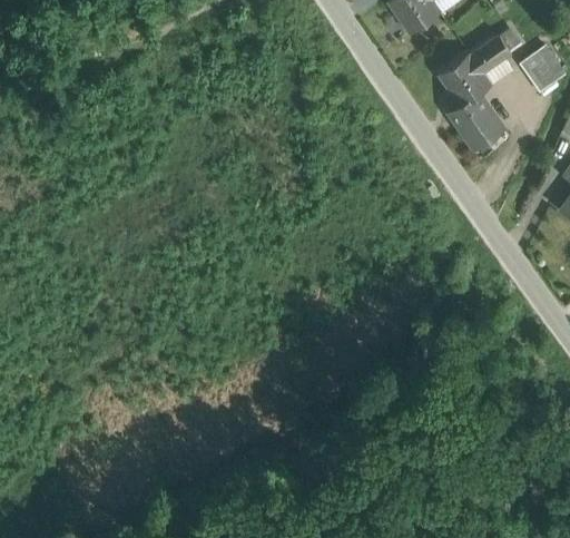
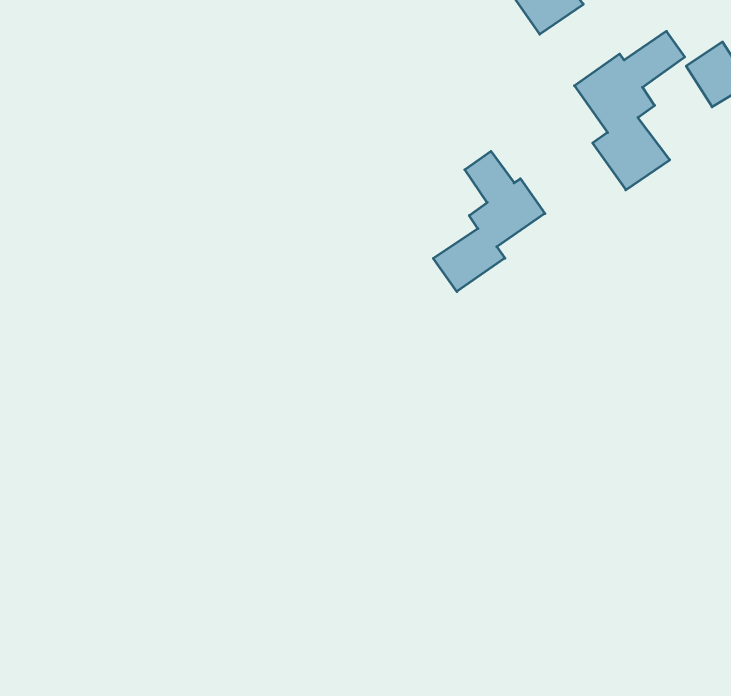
building: none -> [433,151,545,292]

